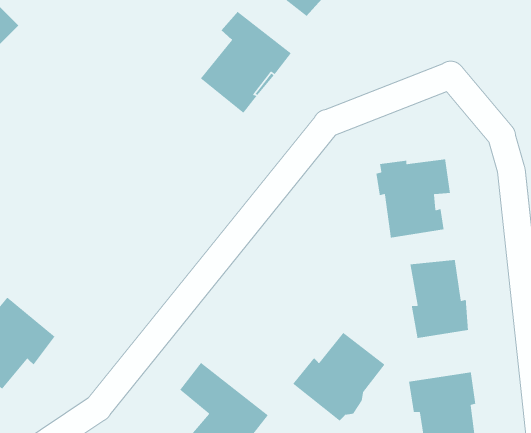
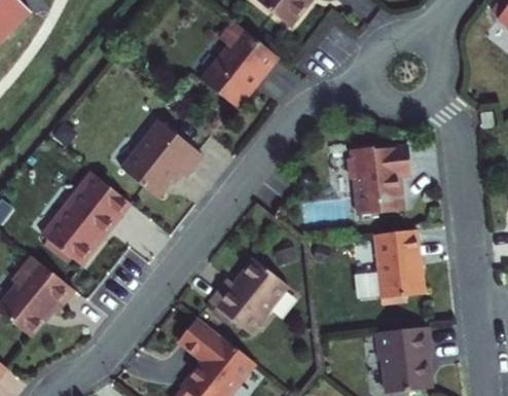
building: none -> [120,121,198,195]
building: none -> [40,172,129,266]
building: [292,332,386,421] -> [210,259,289,335]

